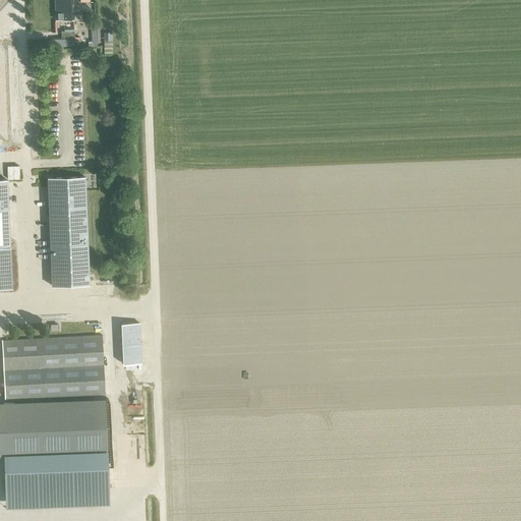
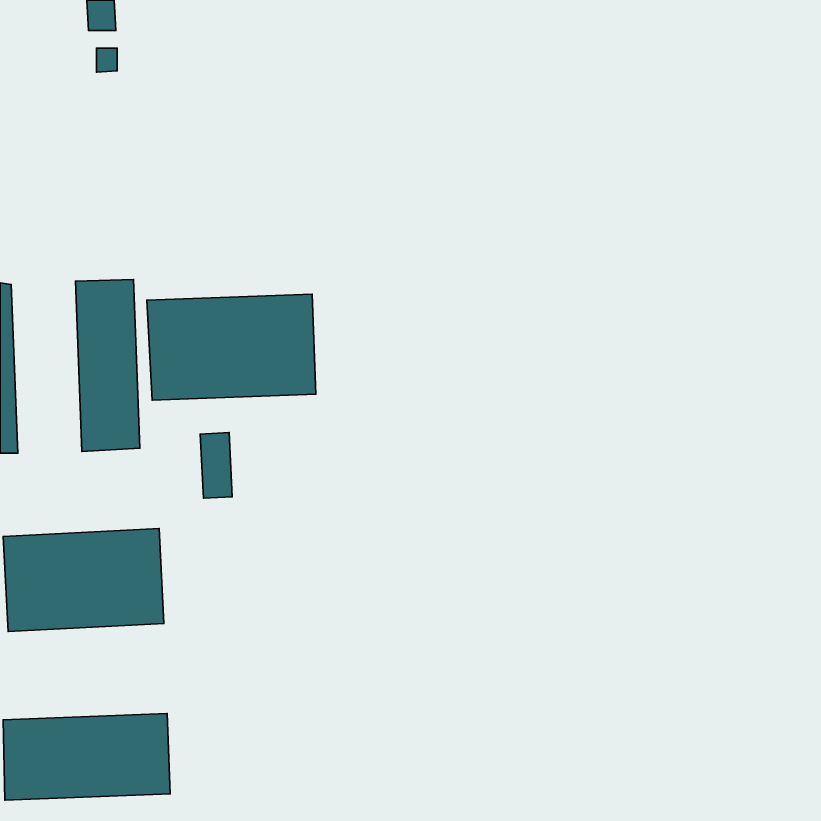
building: none -> [147,294,316,400]
building: [121,323,141,364] -> [200,432,232,498]
building: [4,399,106,455] -> none

